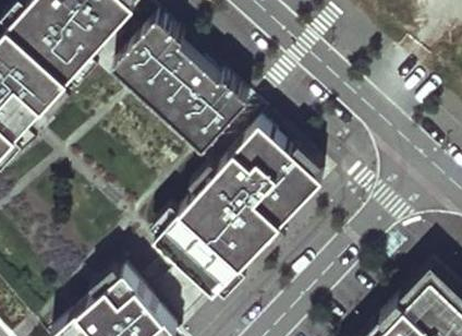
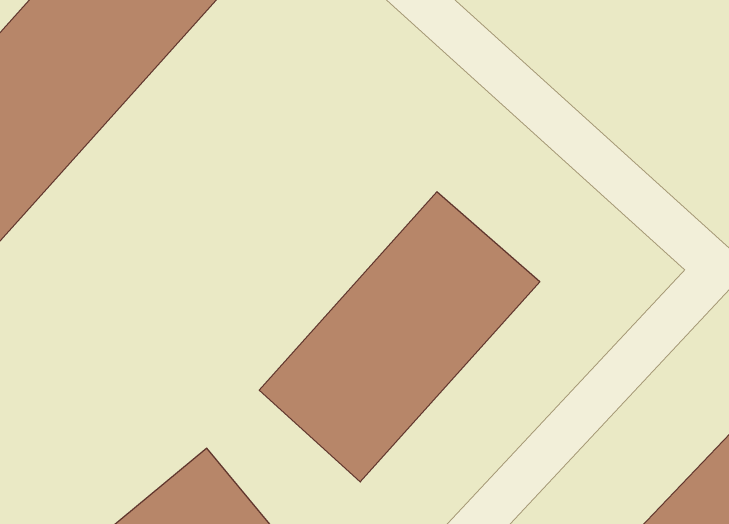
building: [113,19,250,152] -> none

